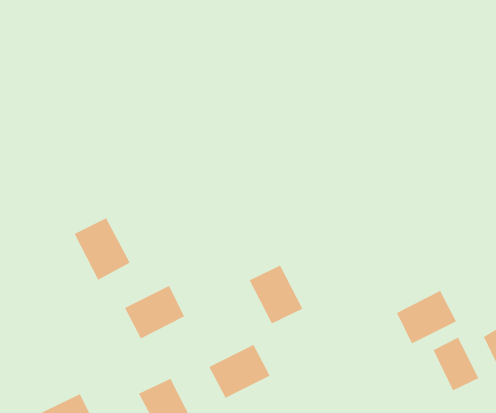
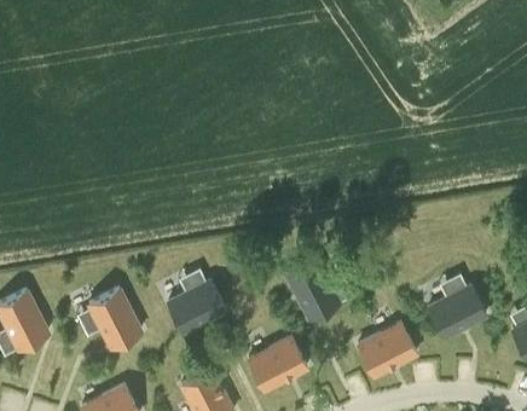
building: [74,218,131,281] -> [87,290,141,351]
building: none -> [358,325,416,378]
building: [433,337,479,391] -> none

